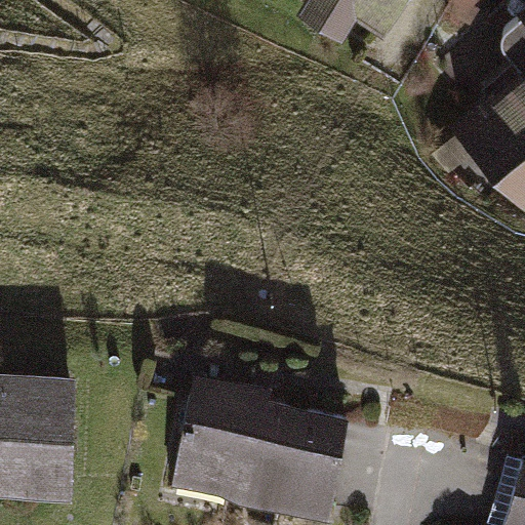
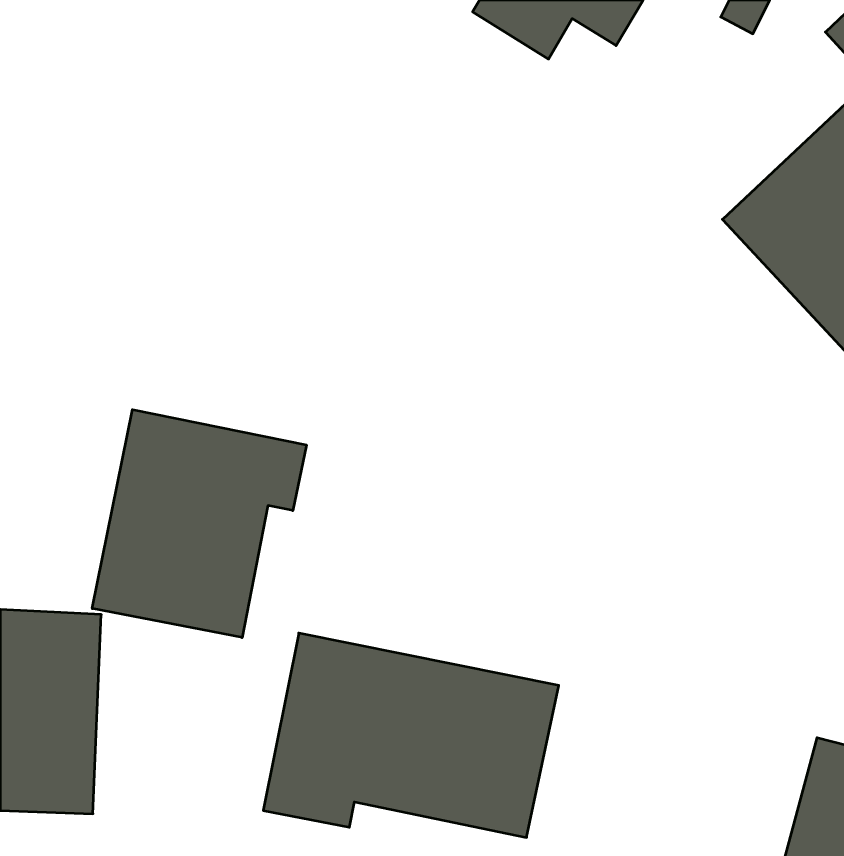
building: none -> [92,410,306,638]

